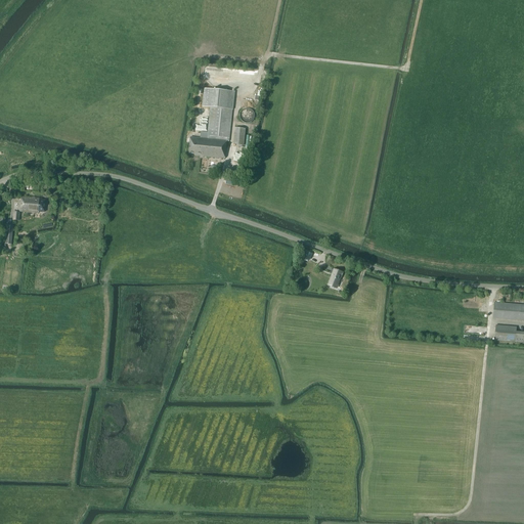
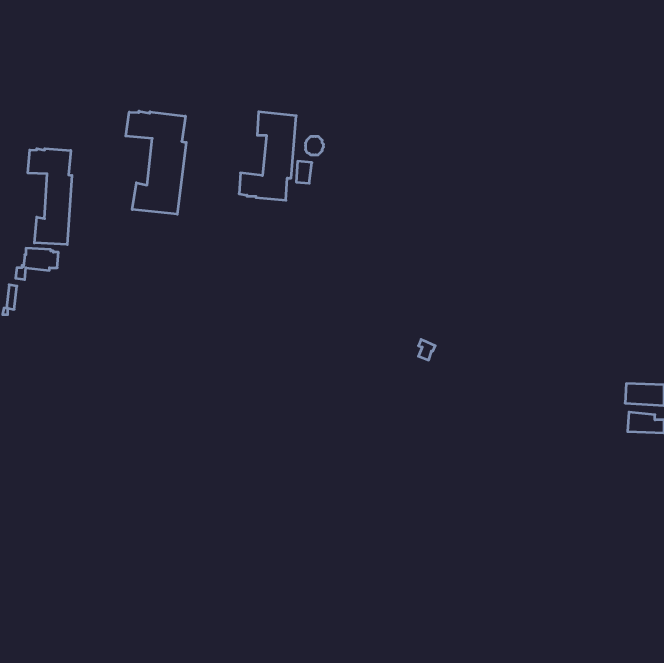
building: none -> [126,111,186,214]
building: none -> [28,149,72,245]

